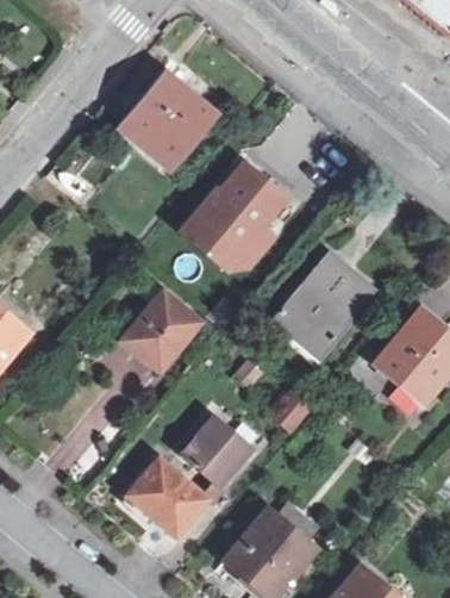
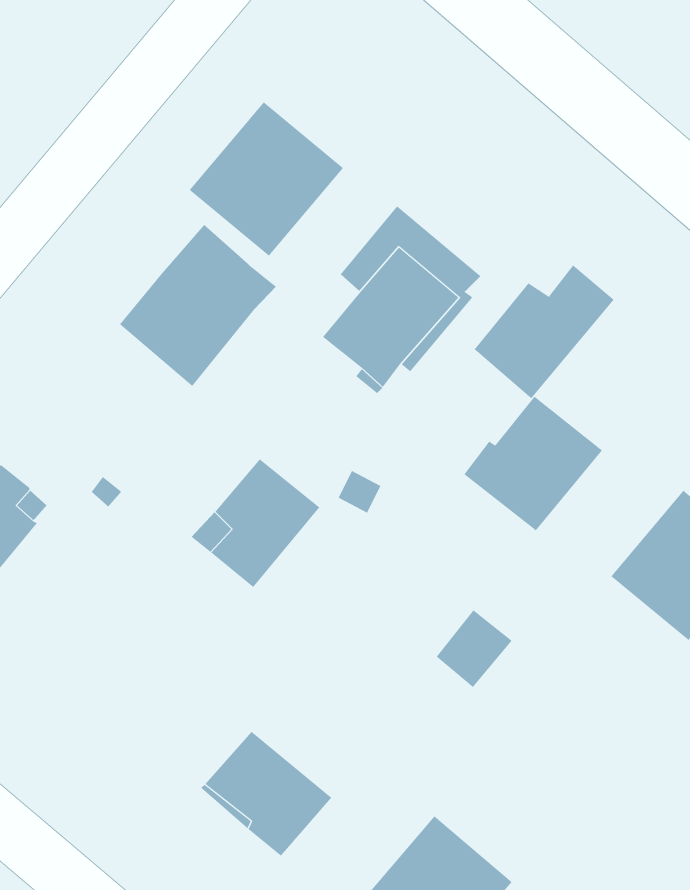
building: none -> [119,224,277,387]
building: none -> [474,264,615,399]
building: [267,303,330,361] -> none
building: [180,418,250,486] -> none

